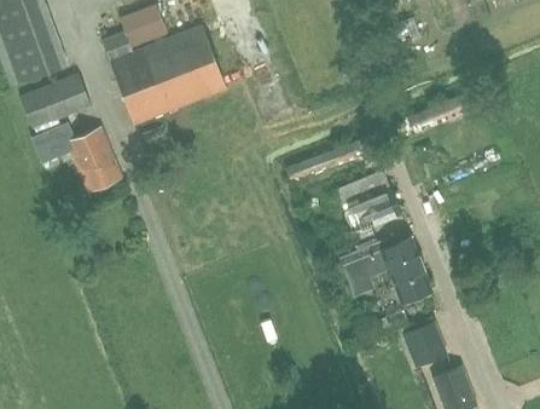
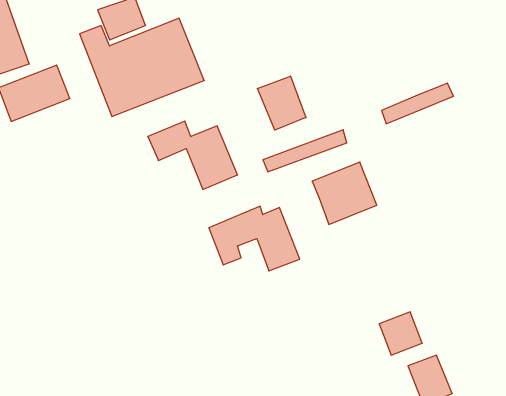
building: none -> [257,76,306,130]
building: [31,121,122,190] -> [148,121,238,189]
building: [341,236,432,301] -> [209,206,300,271]

